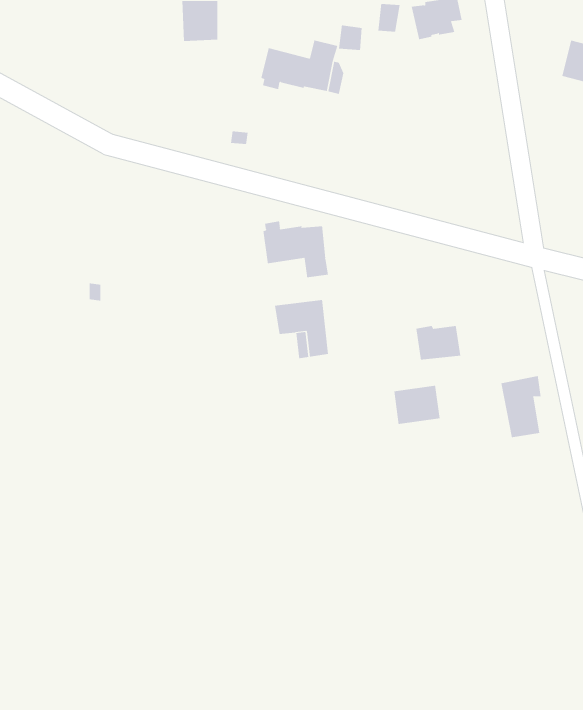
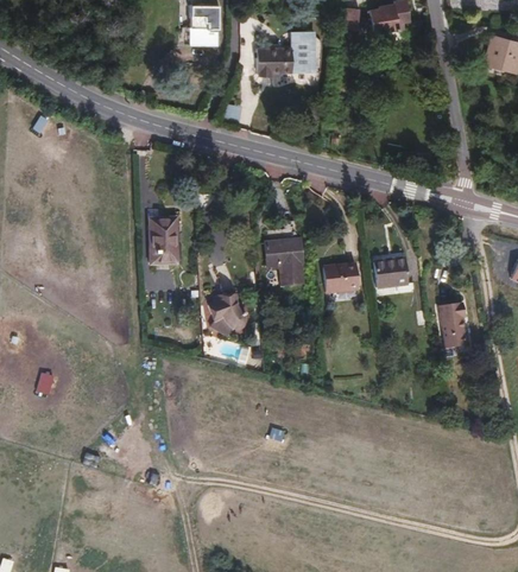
building: [263,221,329,278] -> none
building: none -> [152,221,179,266]
building: none -> [210,297,244,331]
building: [393,385,440,425] -> [321,260,358,291]

